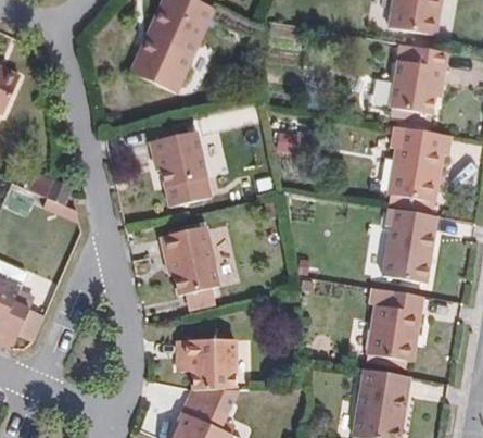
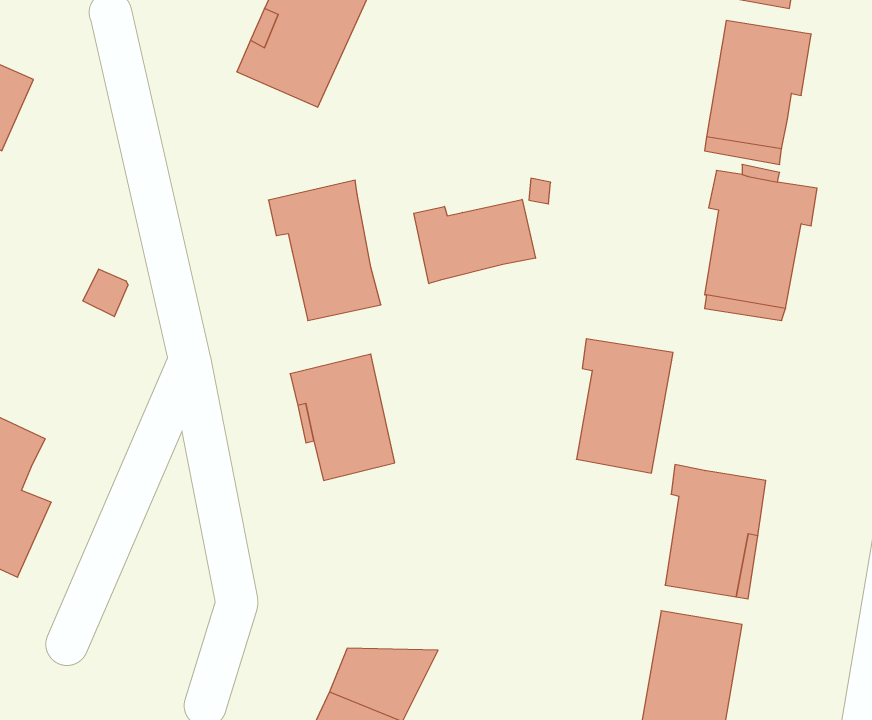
building: none -> [414,199,536,284]
building: [383,208,436,281] -> [576,339,673,473]
building: [177,339,242,389] -> none

